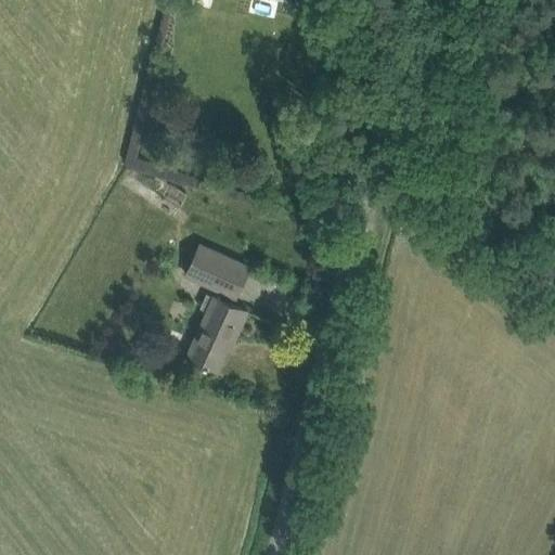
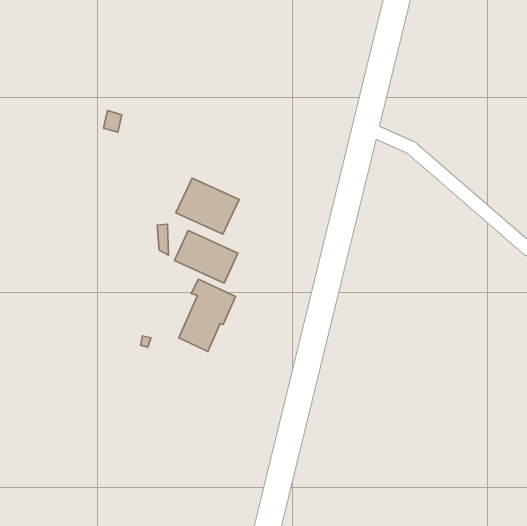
building: none -> [176,178,239,234]

